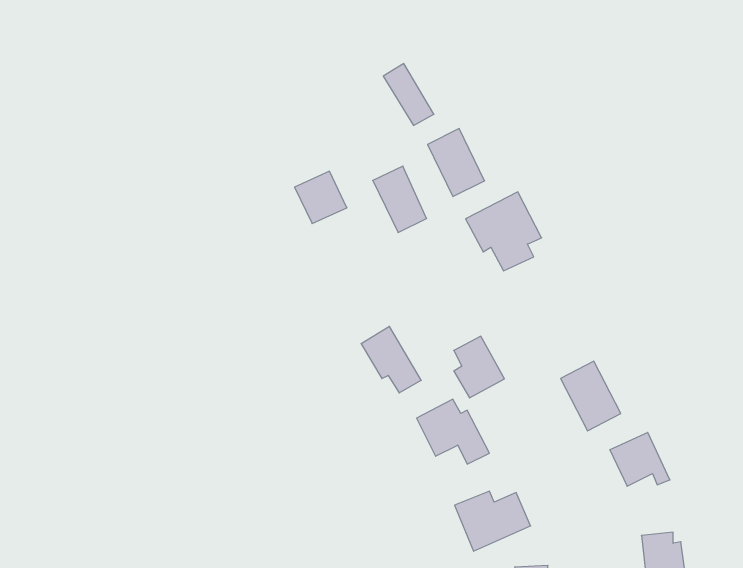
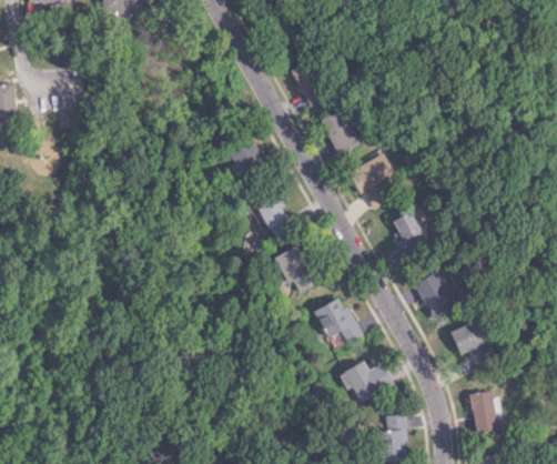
building: [373,166,427,233] -> [256,194,294,241]
building: [454,336,504,398] -> [392,211,427,254]

